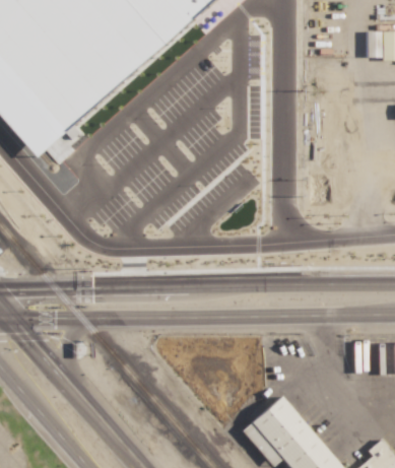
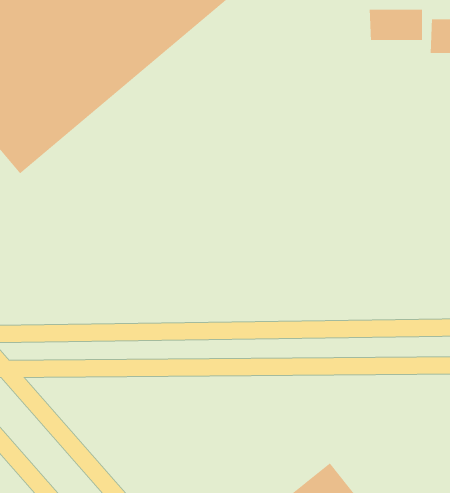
building: none -> [369,9,423,41]

